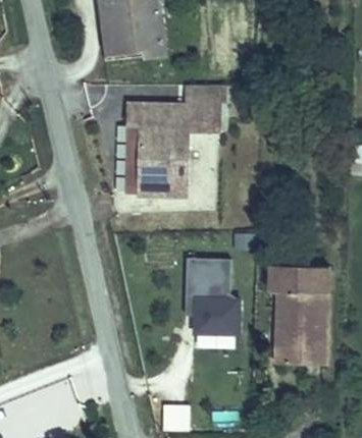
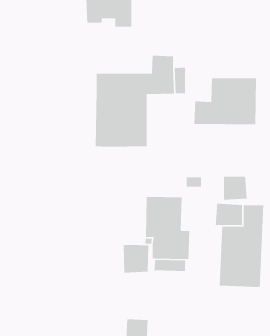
building: none -> [193,78,257,125]
building: none -> [223,176,248,201]
building: none -> [123,244,149,274]

